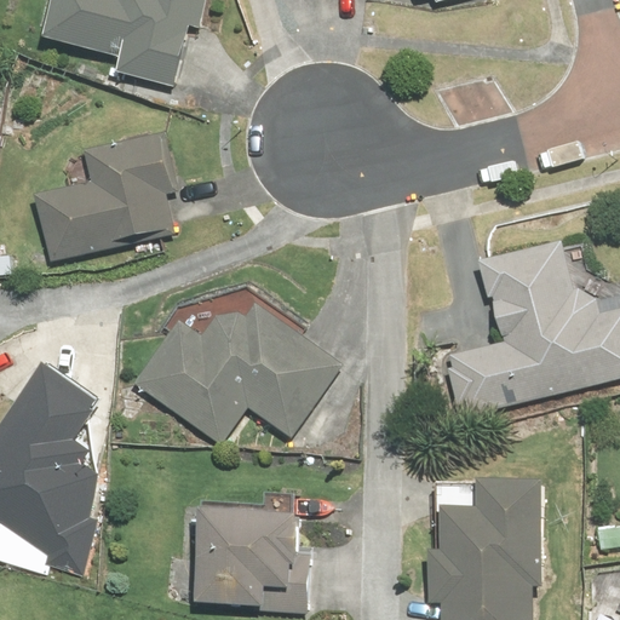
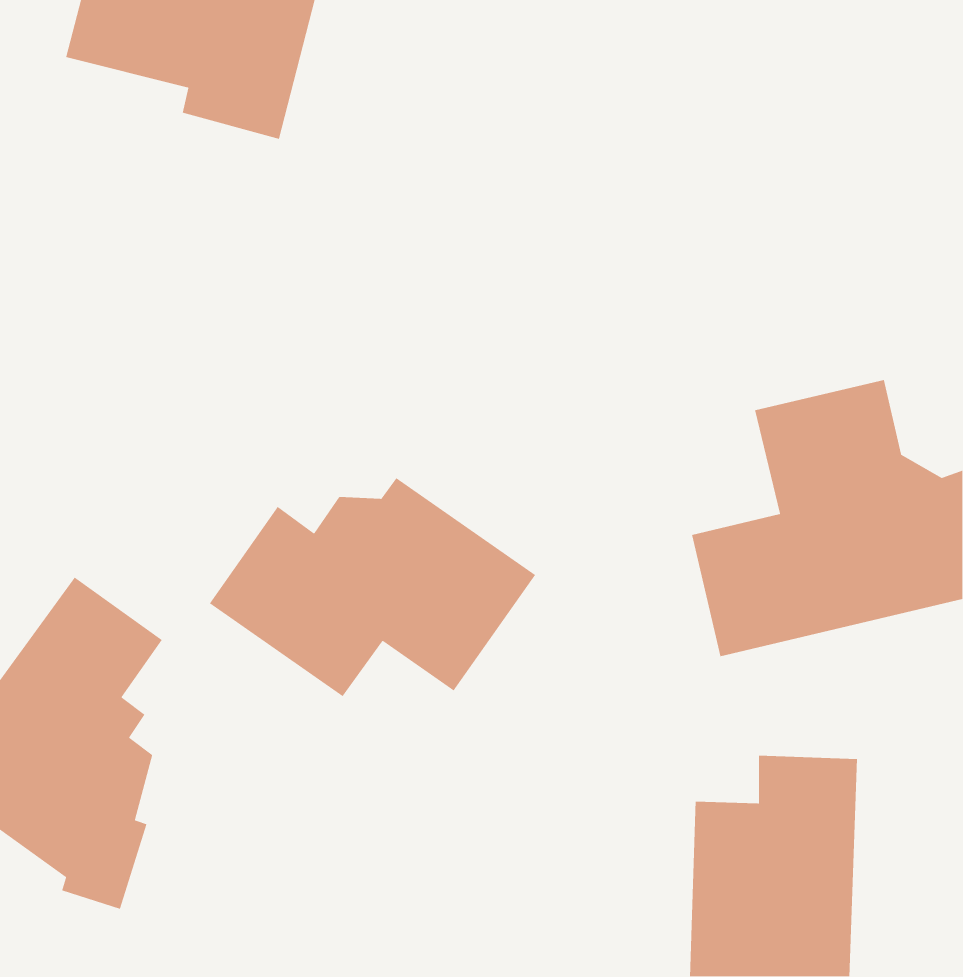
building: [33,131,176,260] -> none
building: [197,504,305,613] -> none

